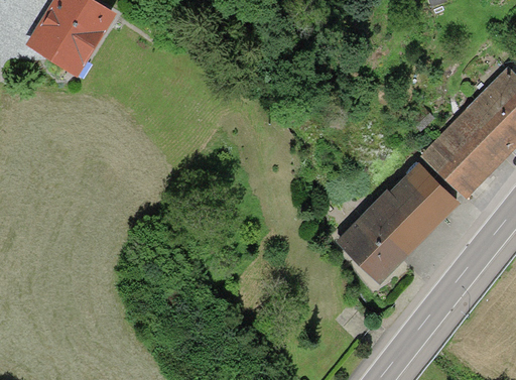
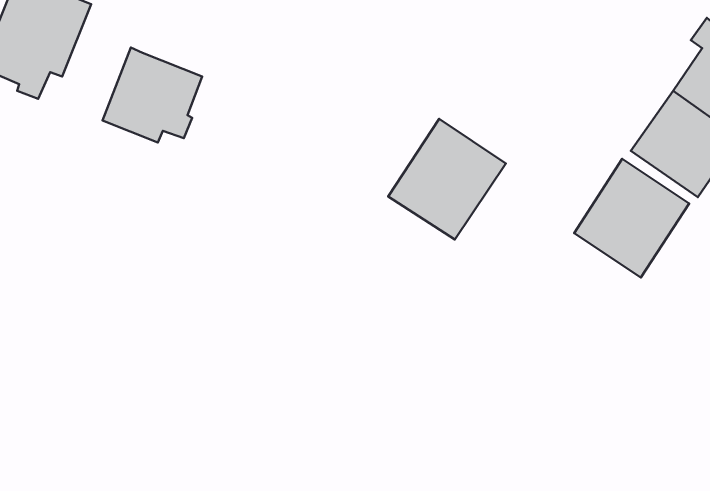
building: none -> [102,48,202,143]
building: [341,206,416,281] -> [388,119,506,240]

